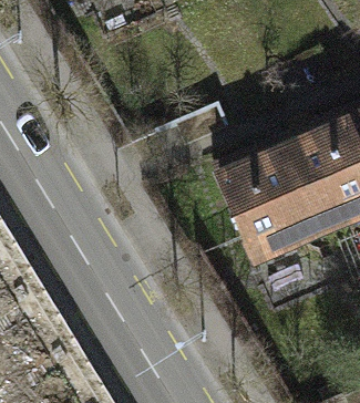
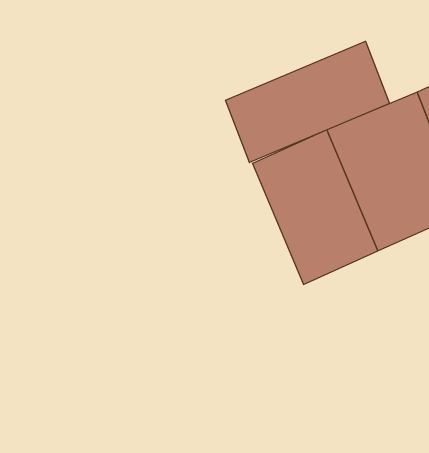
building: none -> [226,41,389,163]

